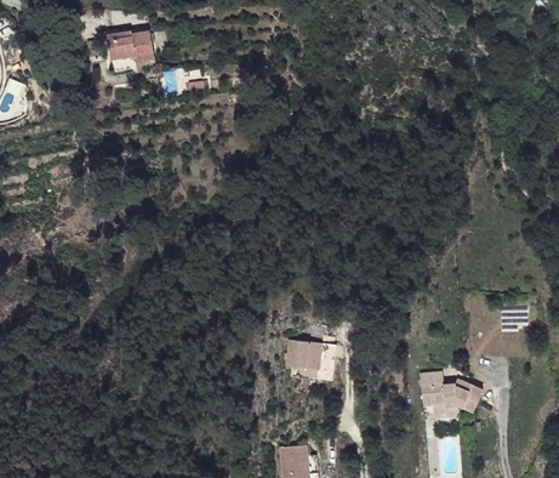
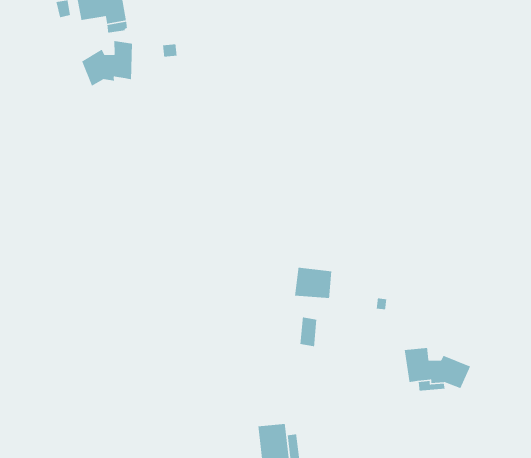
building: none -> [81,40,133,87]
building: [285,338,321,369] -> [294,267,332,299]

